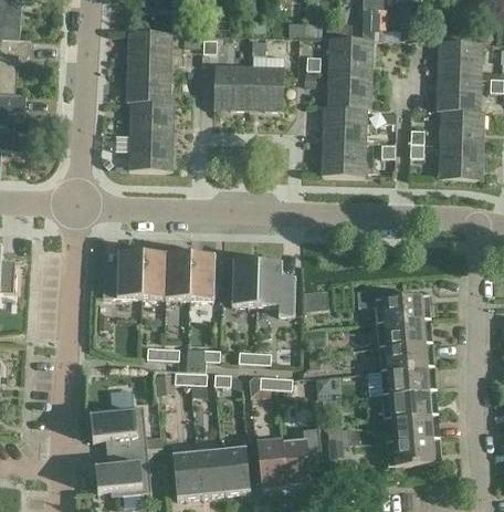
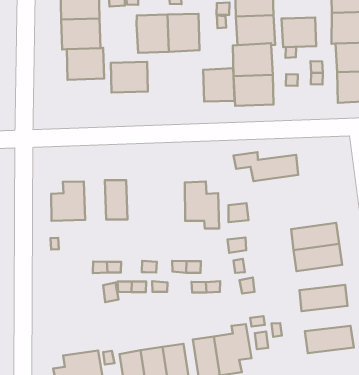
building: none -> [281,17,316,47]
building: none -> [203,68,234,101]
building: [128,135,171,170] -> [111,62,148,93]
building: [140,253,166,299] -> none
building: [189,254,214,300] -> none
building: [231,260,258,305] -> none
building: [356,289,429,322] -> [234,152,298,181]
building: [380,366,435,393] -> none
building: [90,406,147,452] -> none
building: [384,414,439,440] -> none

